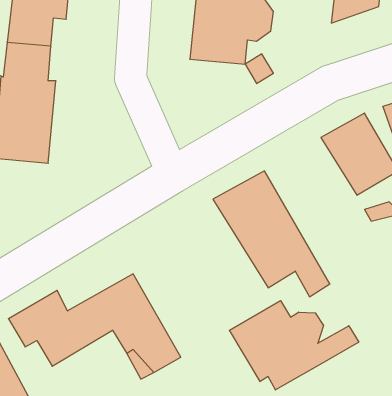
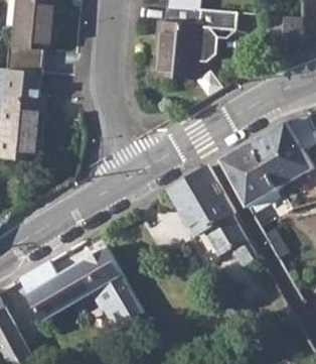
building: none -> [222,141,281,206]
building: [229,301,359,390] -> none

